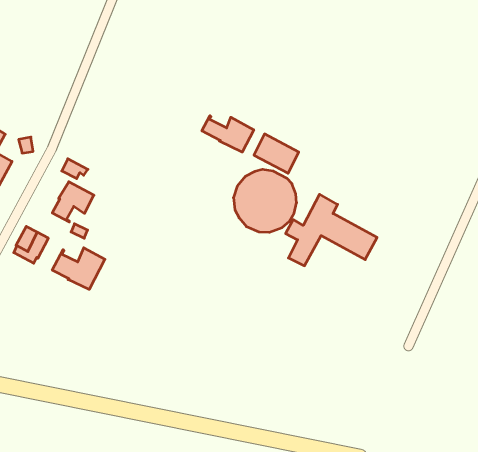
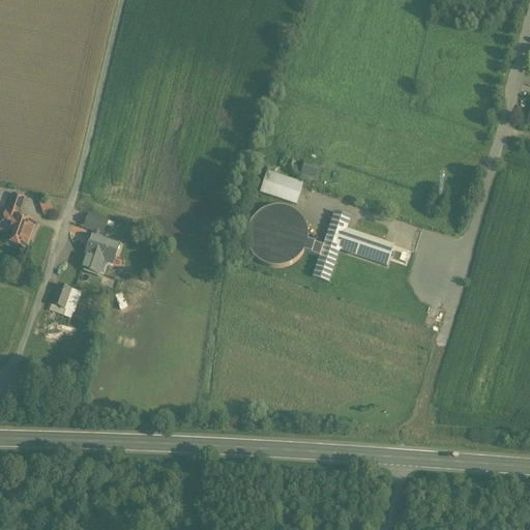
building: [202,116,254,152] -> none
building: [52,248,105,289] -> none

